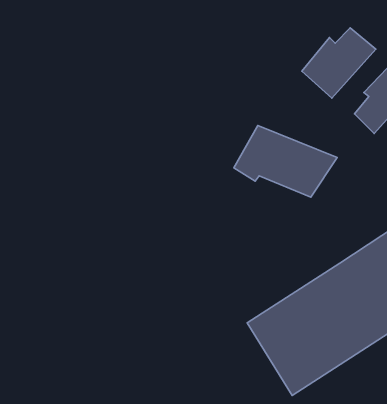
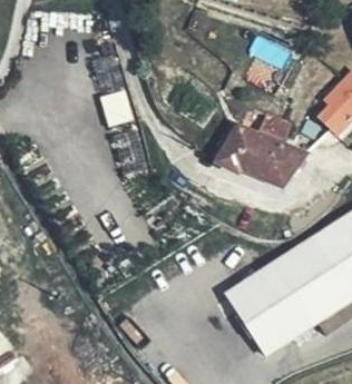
building: [302,28,376,98] -> none

